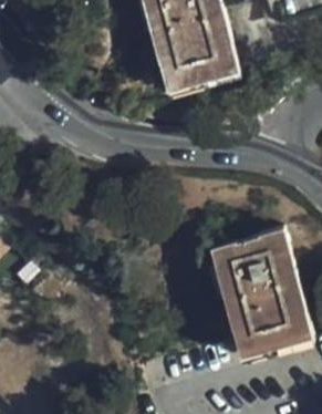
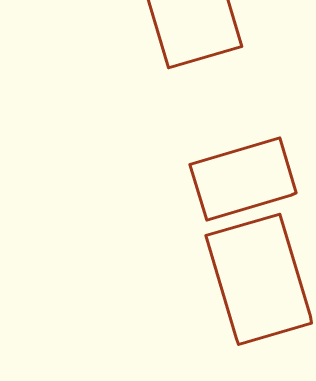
building: none -> [190,138,296,220]

